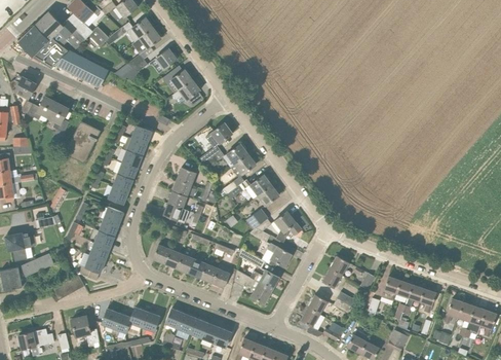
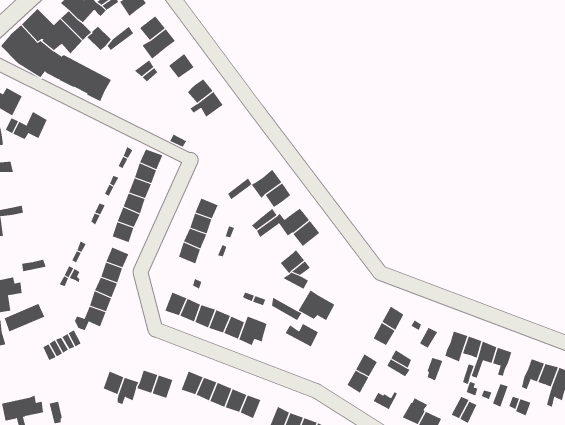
building: [49,103,69,140] -> none
building: [66,121,100,161] -> none
building: [199,122,232,164] -> none
building: [274,211,301,243] -> none
building: [233,269,272,303] -> none
building: [71,316,99,347] -> none

